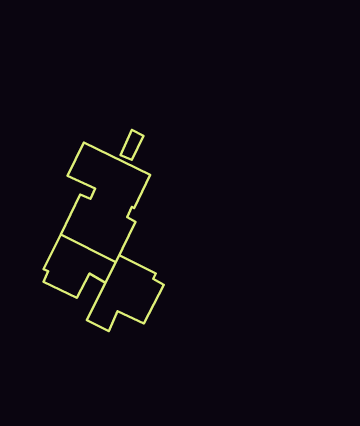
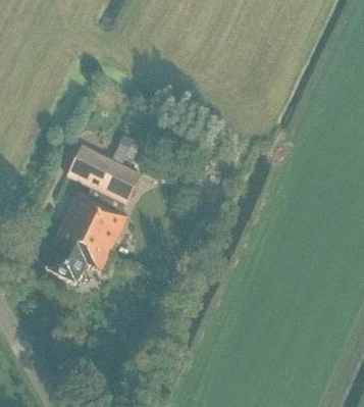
building: [87,255,164,331] -> none

